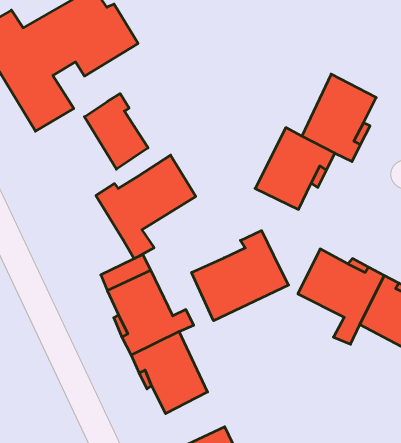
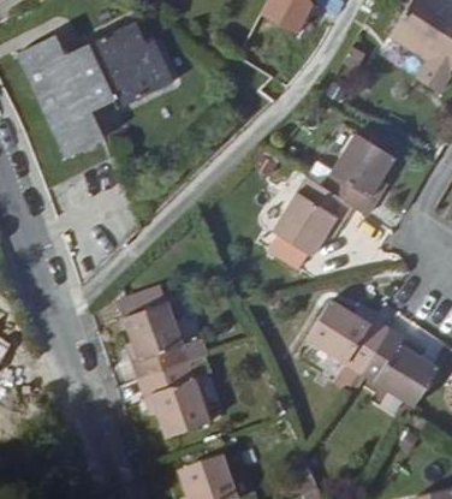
building: [84,94,148,169] -> none
building: [96,155,196,259] -> none
building: [192,231,289,321] -> none

